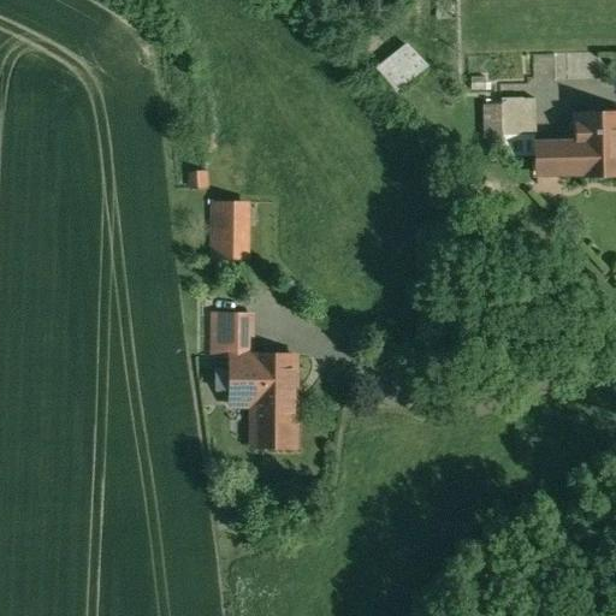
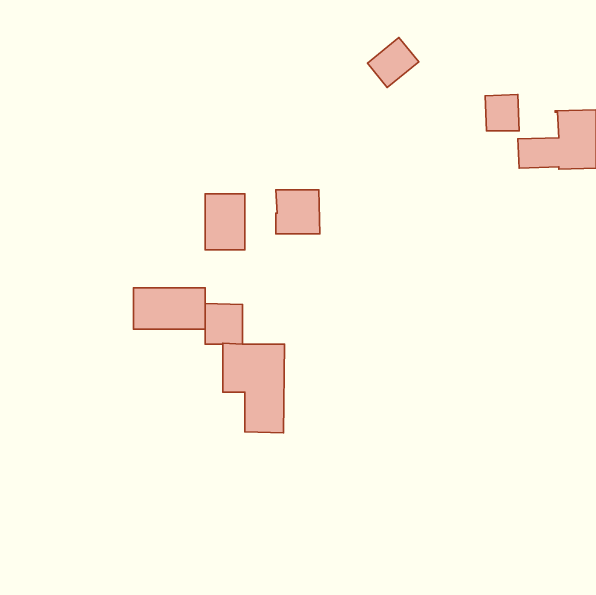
building: none -> [276,190,320,234]
building: none -> [134,288,205,329]

